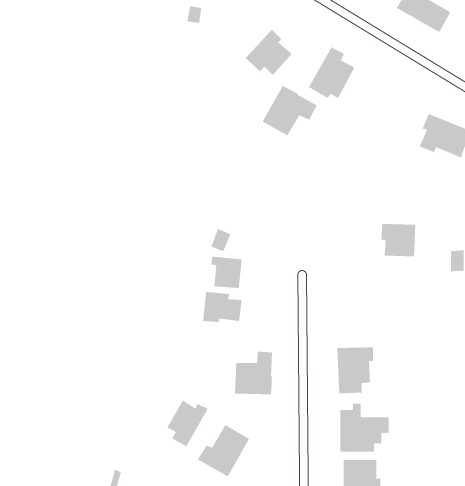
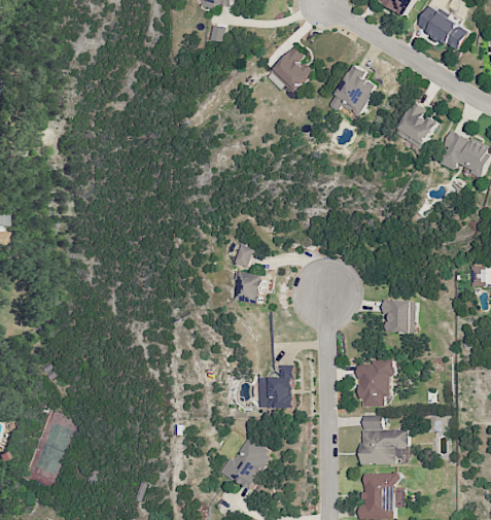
building: none -> [394,101,436,148]
building: [262,85,318,136] -> none
building: [381,224,416,257] -> [381,300,416,333]
building: [203,291,242,323] -> none
building: [166,399,208,447] -> none

